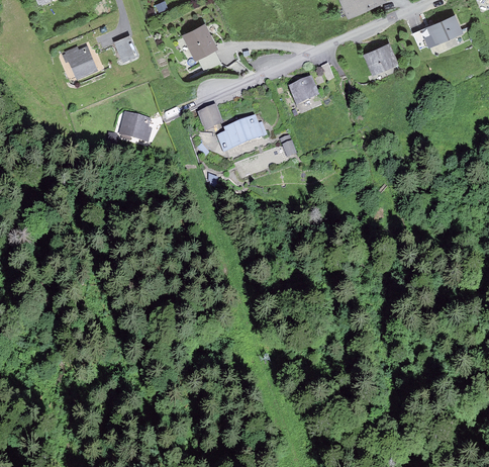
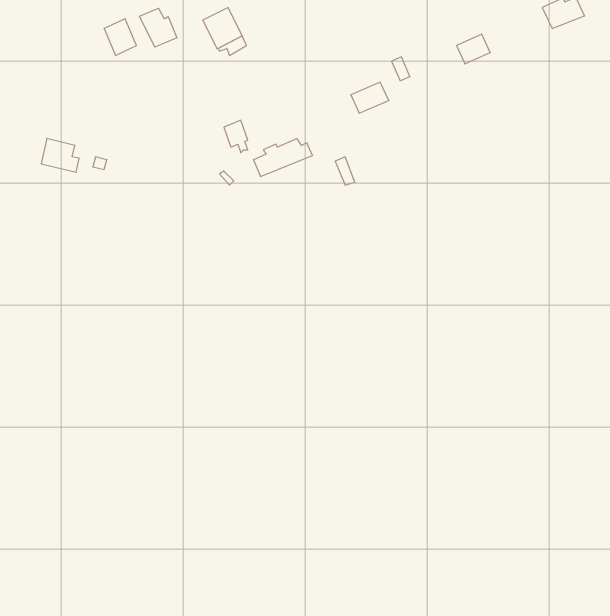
building: none -> [139,8,177,47]
building: [68,49,93,75] -> none
building: [122,116,150,141] -> [41,138,79,172]

